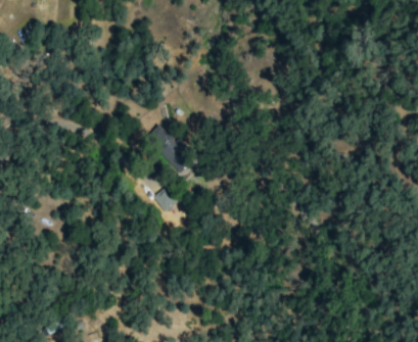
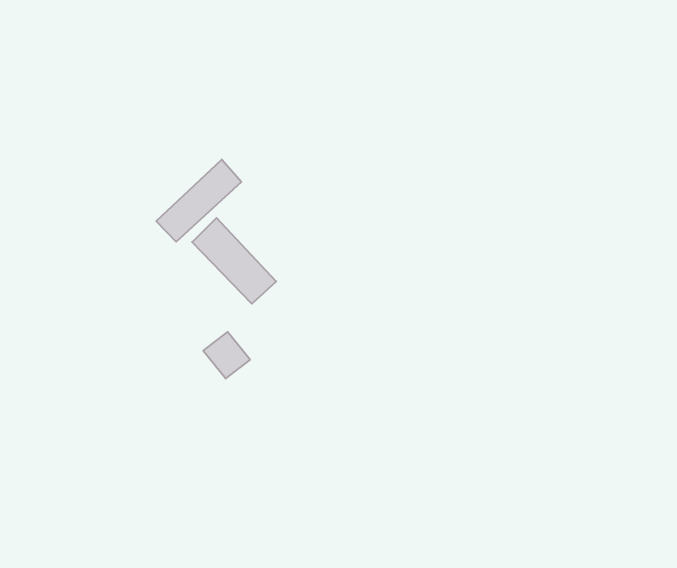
building: none -> [156,159,241,242]

